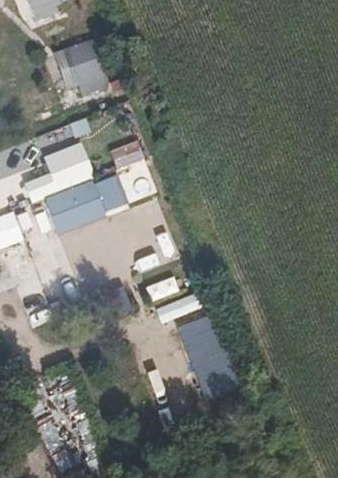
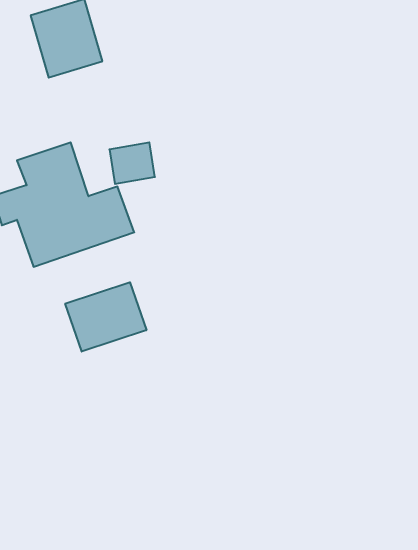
building: none -> [65,282,146,352]
building: [178,313,244,395] -> none

